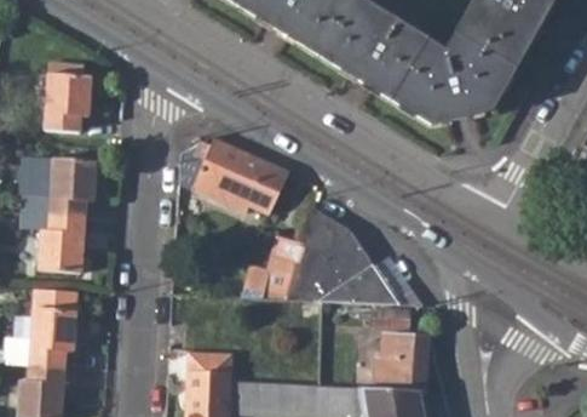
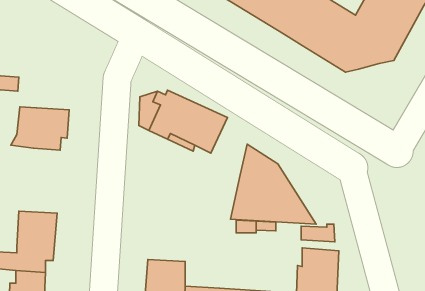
building: [46,64,90,130] -> none
building: [21,210,84,272] -> none
building: [244,240,305,301] -> none

